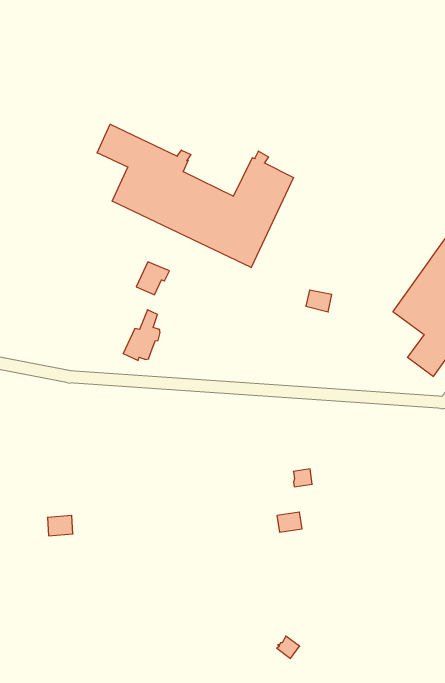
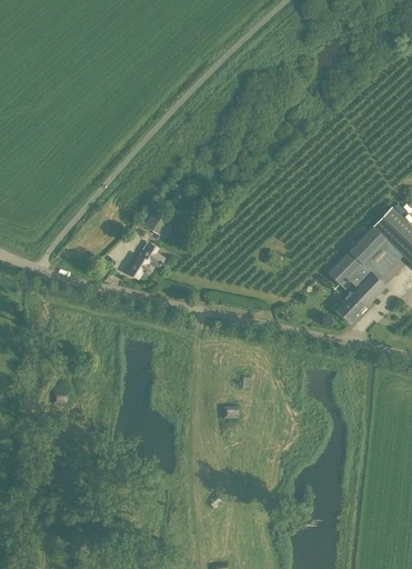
building: [97,124,294,268] -> none

